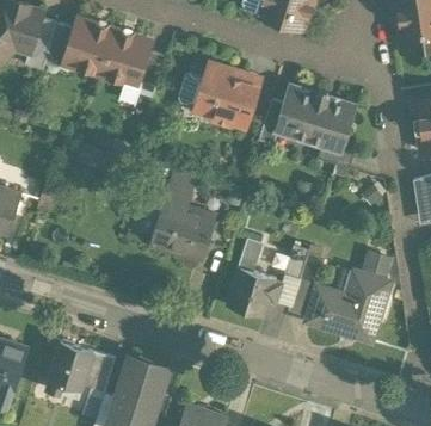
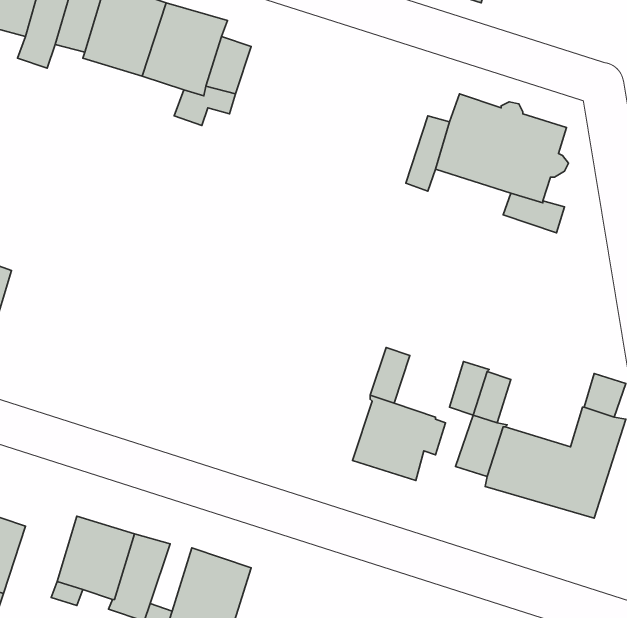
building: [179,62,260,126] -> none
building: [152,168,215,258] -> none

